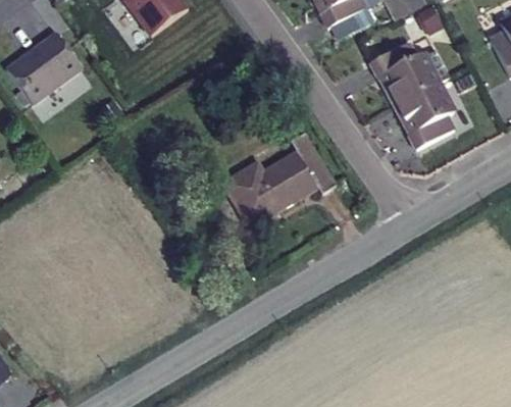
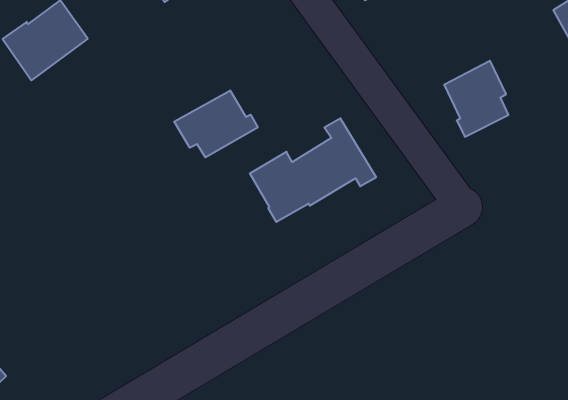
building: [372,45,438,105] -> none
building: none -> [174,90,258,157]

